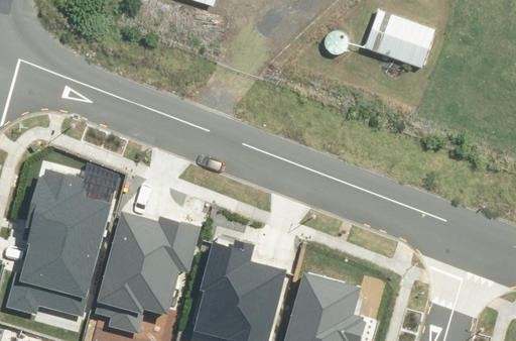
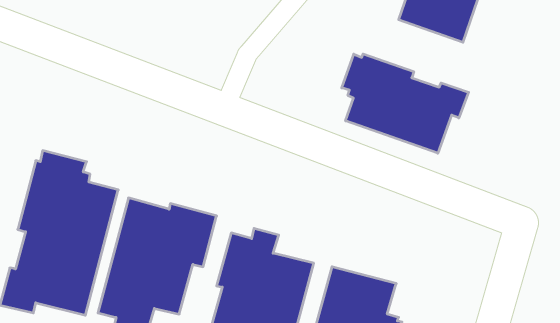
building: none -> [342,54,469,153]

